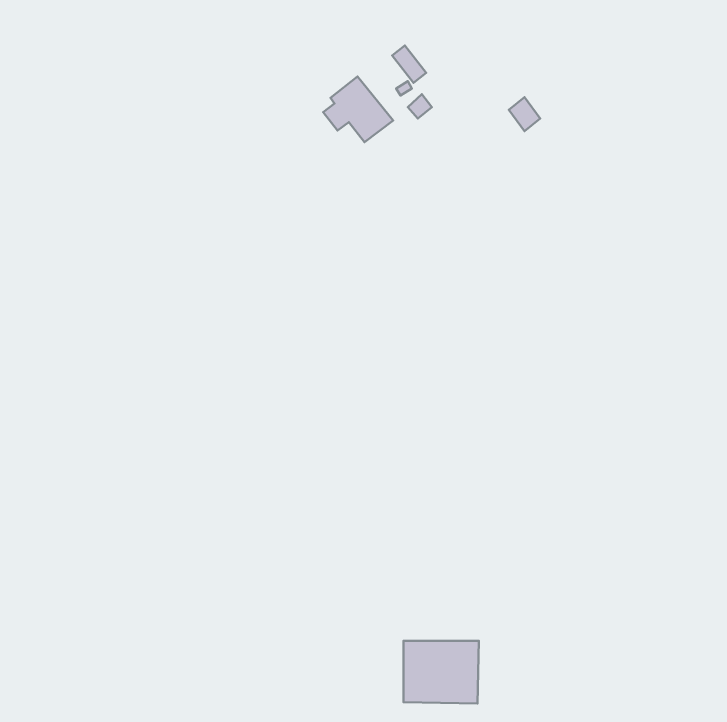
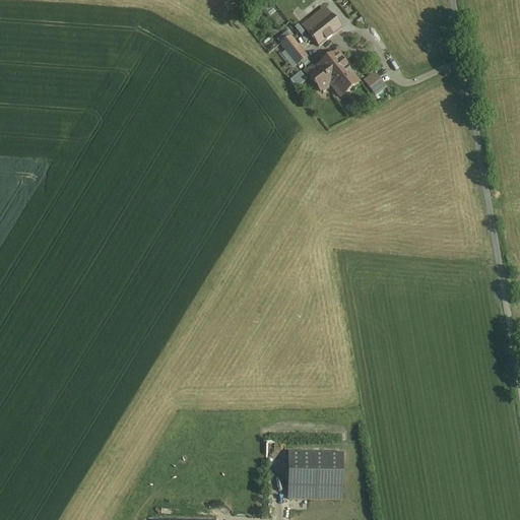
building: none -> [303,5,336,39]
building: [323,76,393,142] -> [309,48,359,94]

